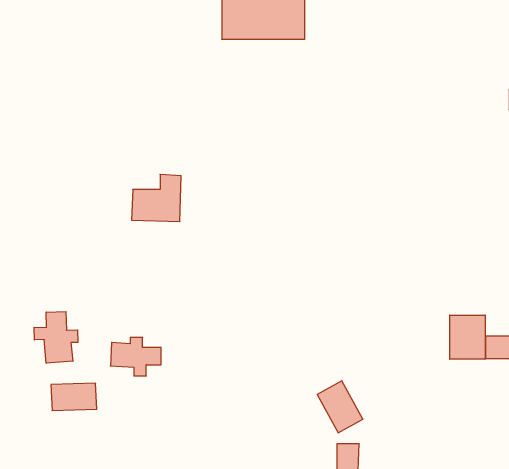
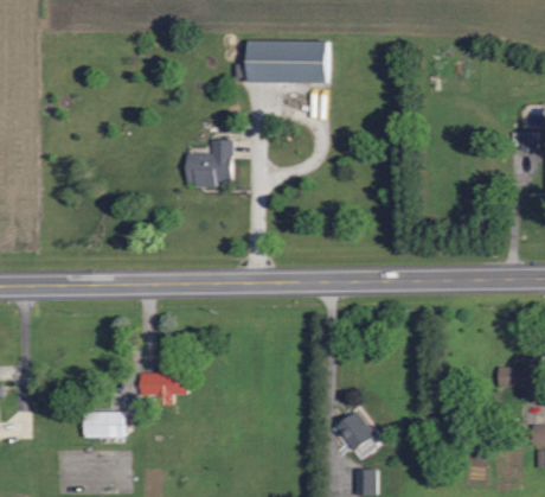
building: [132,174,181,222] -> [185,139,232,184]
building: [34,312,78,363] -> none
building: [450,315,485,359] -> none

